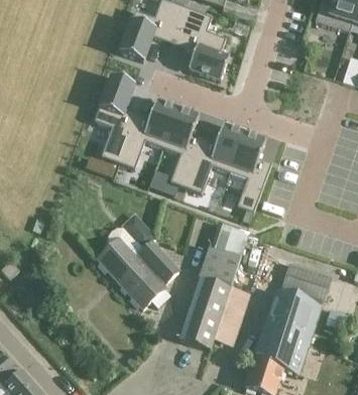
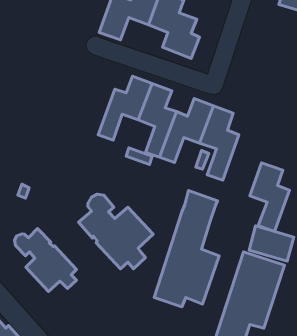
building: [94,74,137,162] -> none
building: none -> [250,163,290,231]
building: none -> [15,229,77,292]

